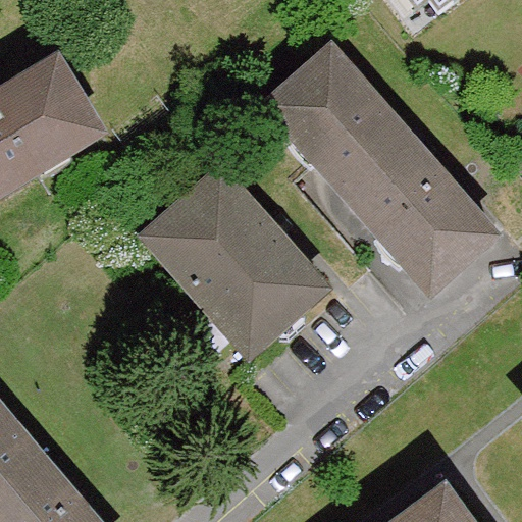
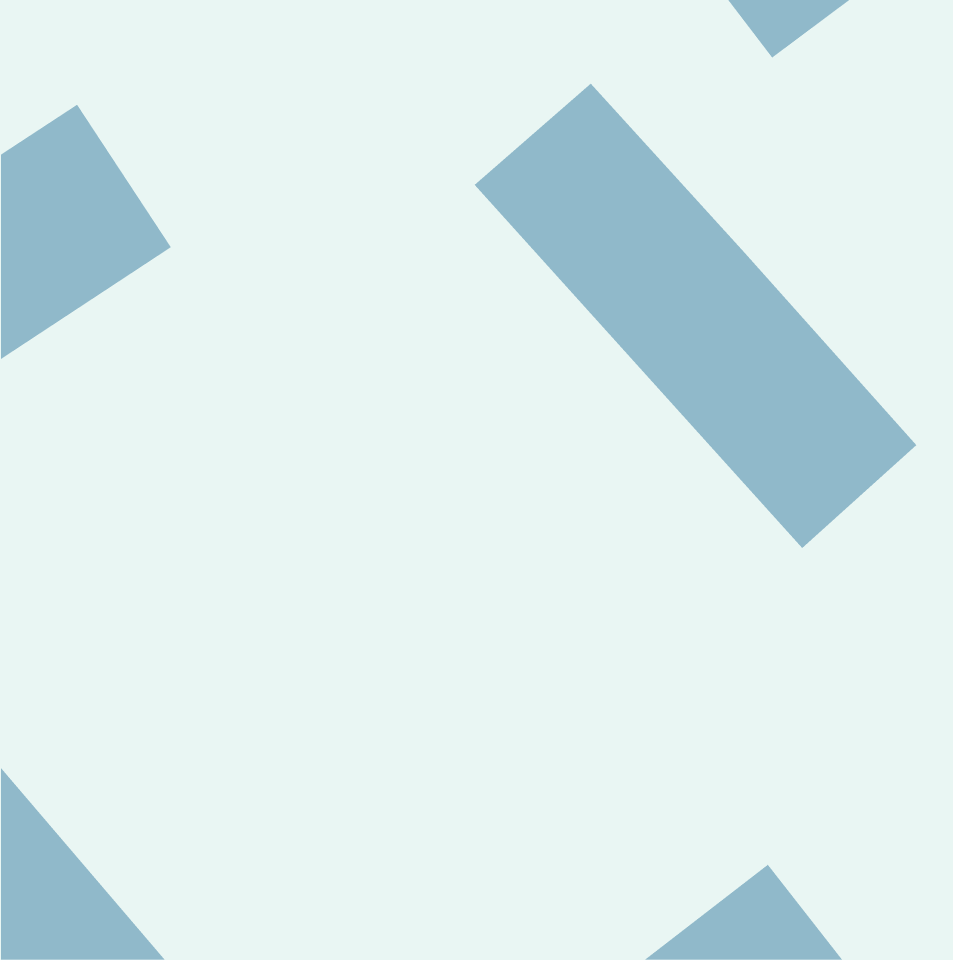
building: [140,162,328,355] -> none

